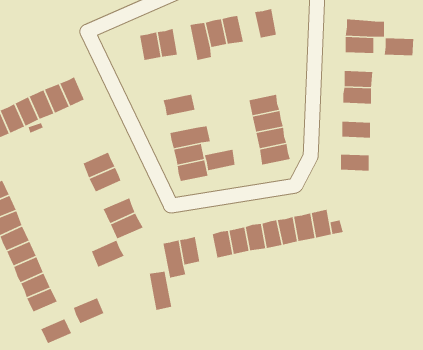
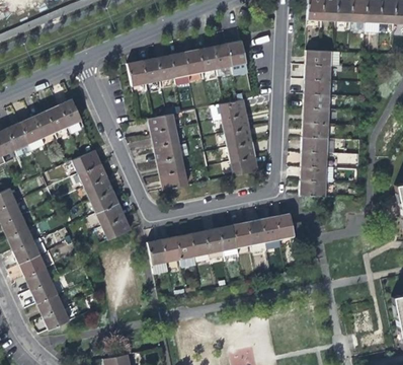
building: none -> [213,44,233,77]
building: none -> [157,55,177,89]
building: [384,37,414,56] -> [304,79,330,95]
building: none -> [212,100,246,121]
building: none -> [302,123,328,139]
building: none -> [73,151,101,174]
building: none -> [301,152,327,167]
building: [204,149,236,171] -> [151,129,178,148]
building: none -> [300,180,326,196]
building: [91,240,125,268] -> [90,190,119,214]
building: [149,271,172,311] -> [176,235,196,270]
building: [73,297,104,324] -> [36,294,64,317]

